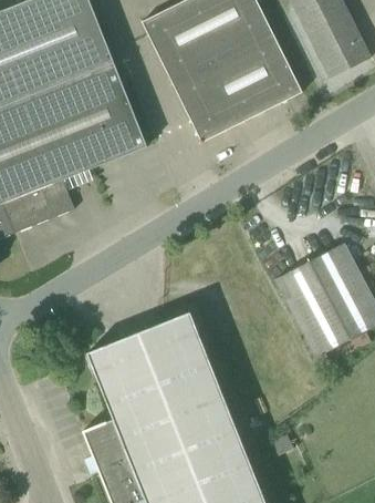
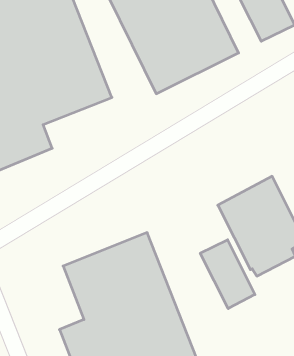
building: none -> [200,240,255,309]

